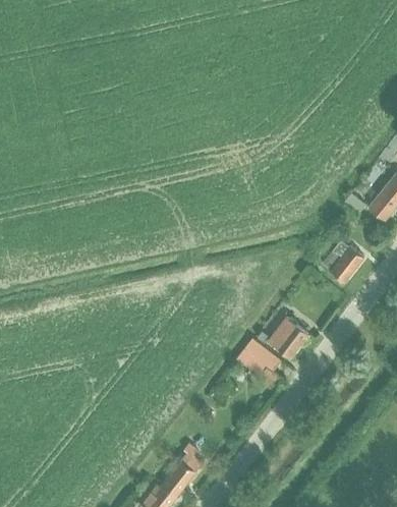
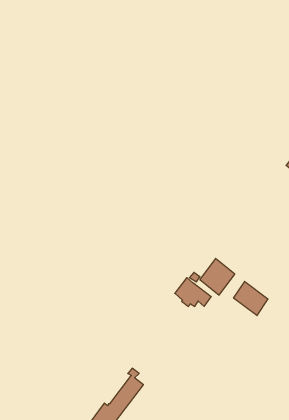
building: [322,240,363,282] -> none
building: none -> [234,281,268,316]

